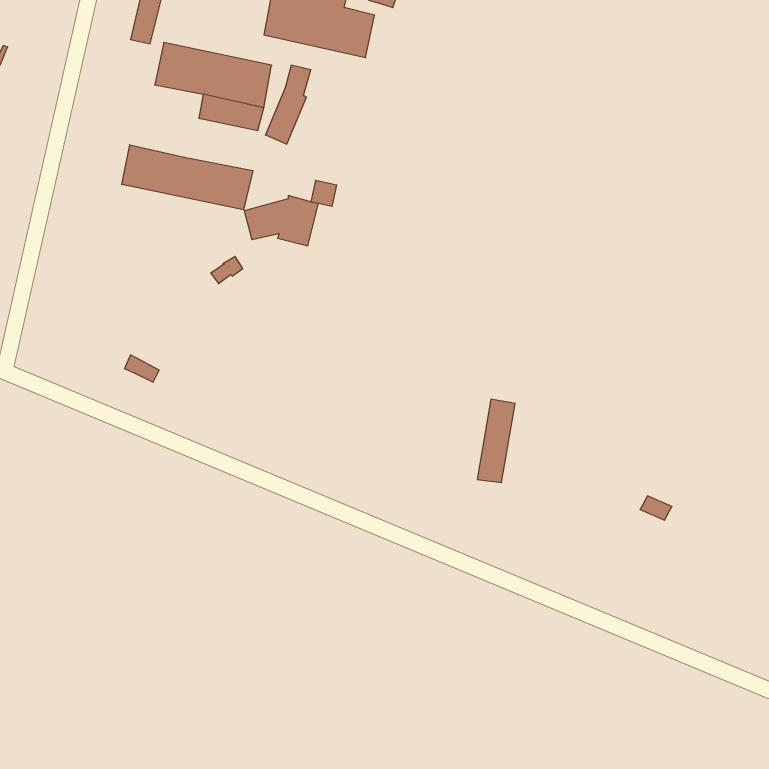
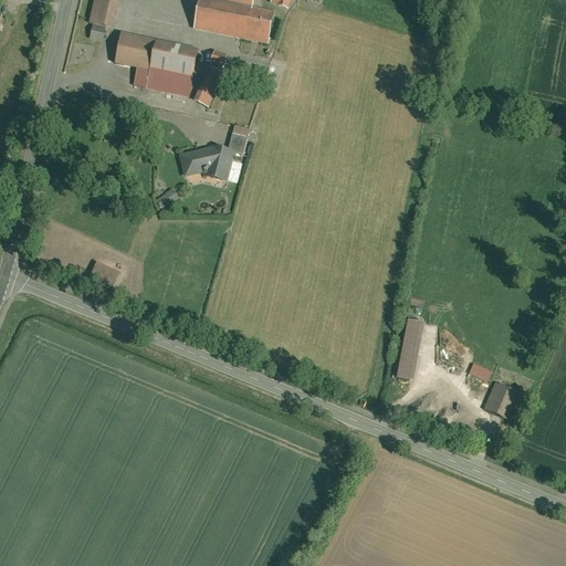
building: [122,145,253,210] -> none
building: [477,399,515,483] -> [396,318,423,379]
building: none -> [481,380,515,418]

